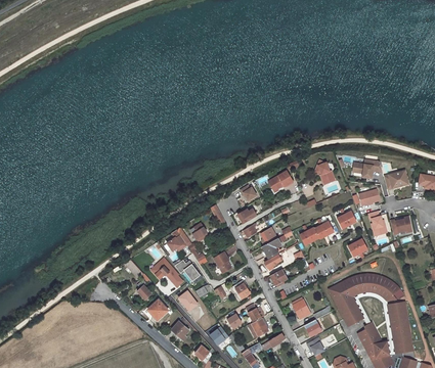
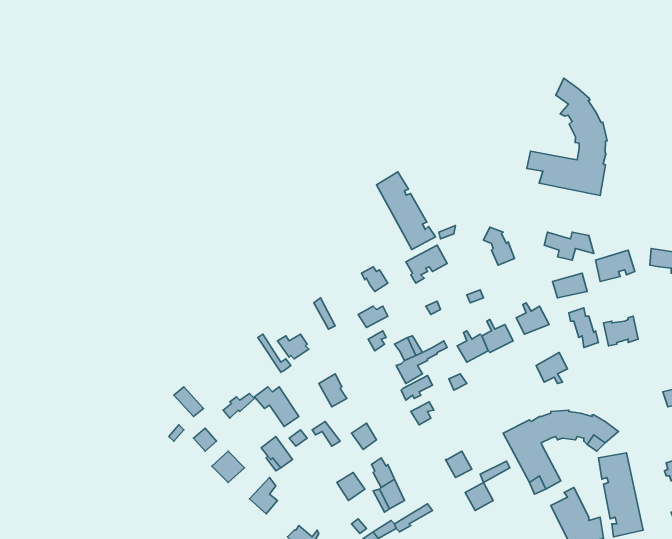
building: none -> [527,78,607,195]
building: none -> [377,172,435,249]

